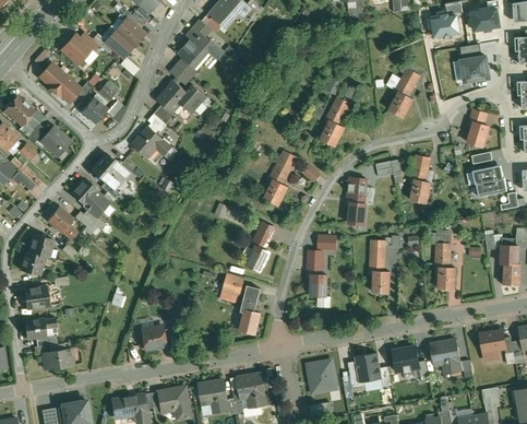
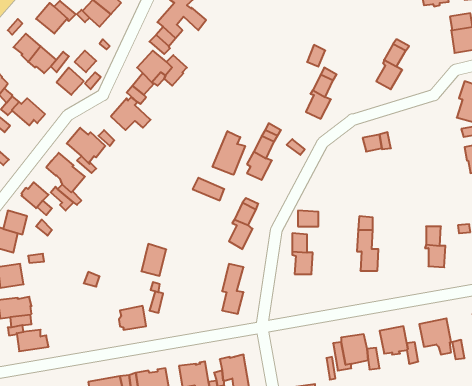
building: none -> [213,131,245,175]
building: [410,161,431,203] -> none
building: [346,184,367,224] -> none
building: [219,272,243,303] -> [141,244,166,276]
building: [308,361,335,392] -> none

